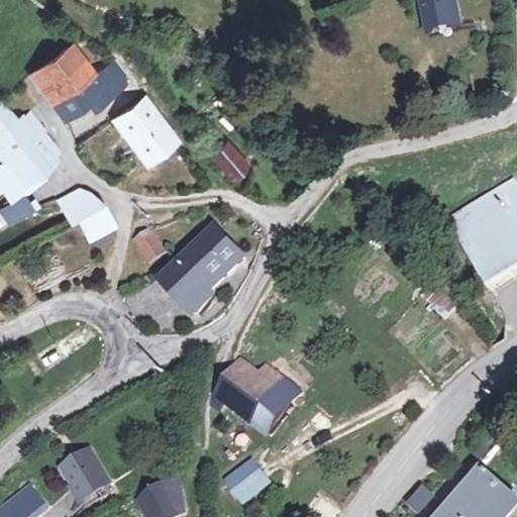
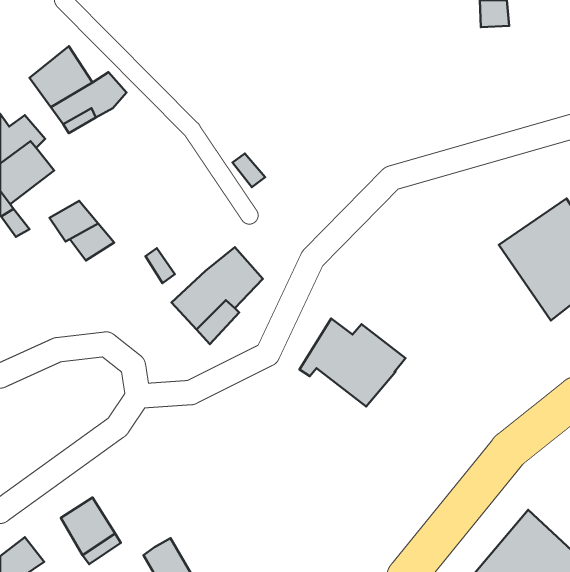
building: [112,95,175,163] -> none
building: [210,355,305,434] -> [300,319,406,407]
building: [224,459,268,498] -> none

